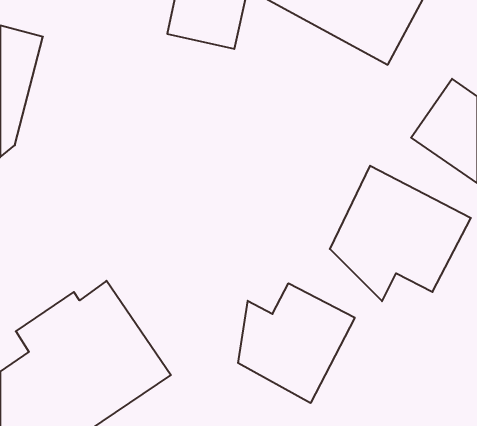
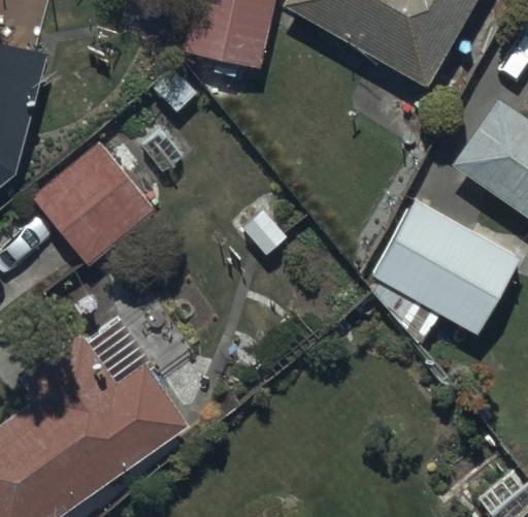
building: none -> [30,140,153,263]
building: [238,283,355,403] -> none

